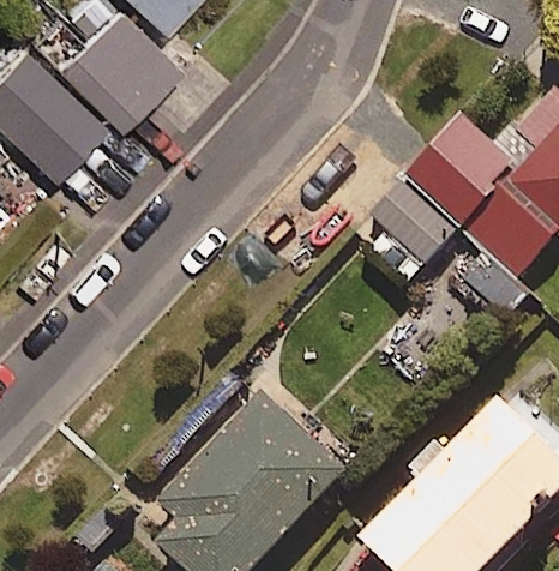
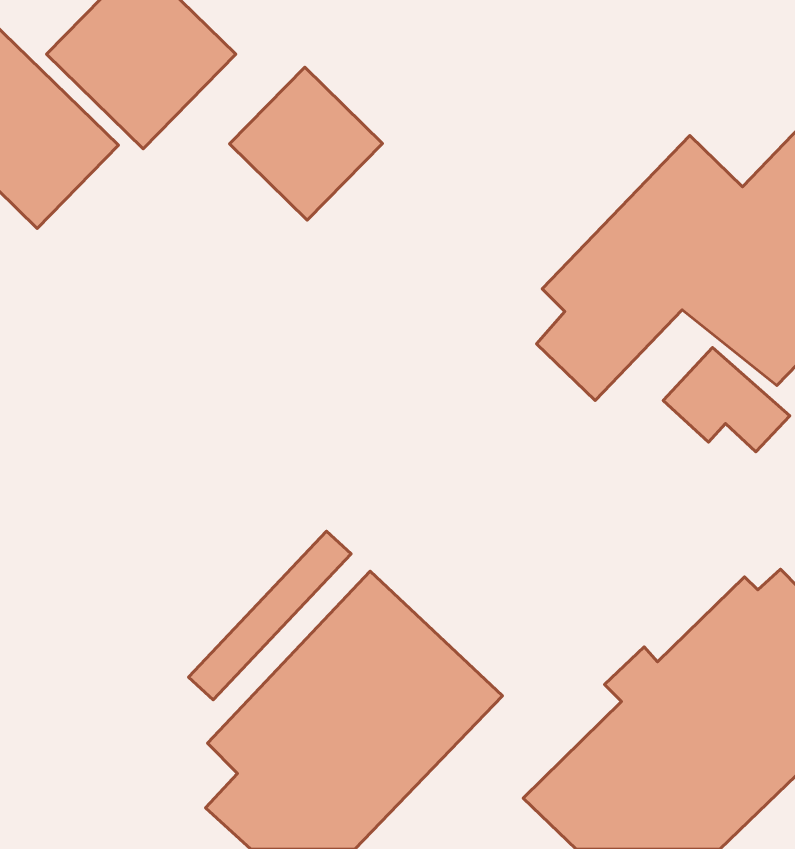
building: none -> [230,67,382,220]

